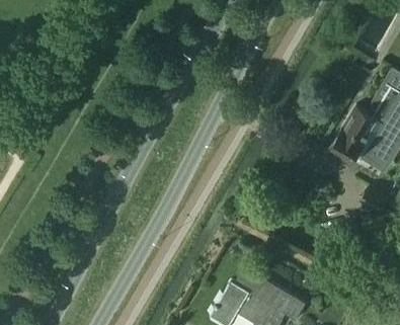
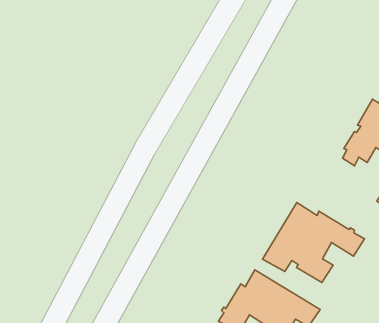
building: none -> [262,202,364,282]

